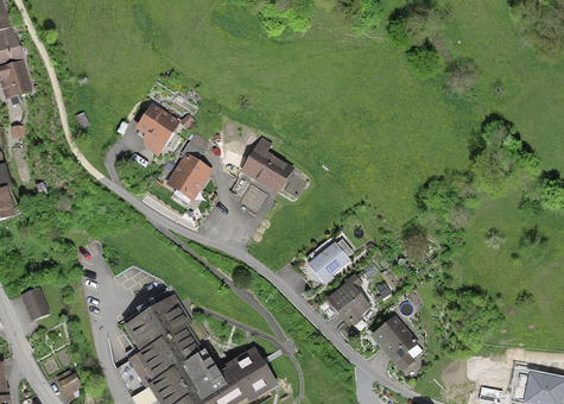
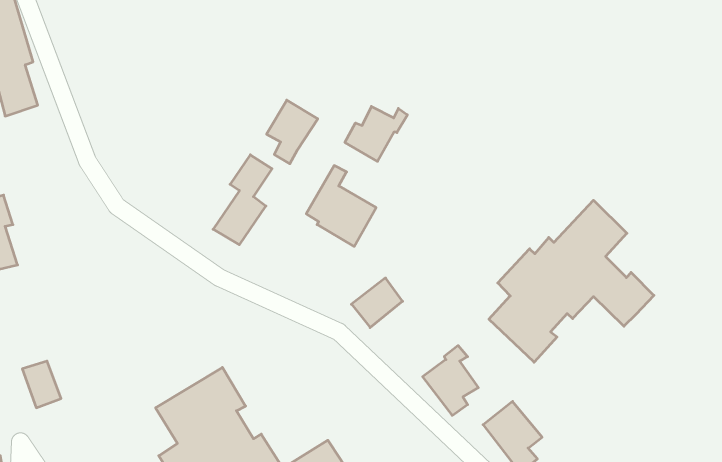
building: none -> [345,106,407,161]
building: [134,106,173,154] -> [267,100,318,164]
building: none -> [489,200,654,362]
building: [308,240,347,278] -> [351,278,403,328]

